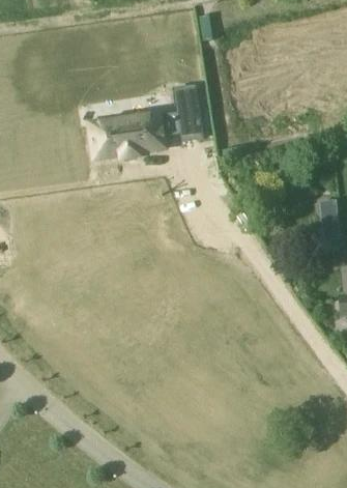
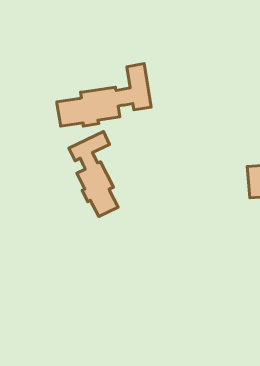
building: none -> [69,131,118,217]

